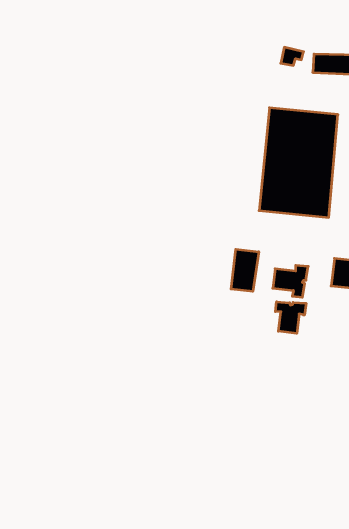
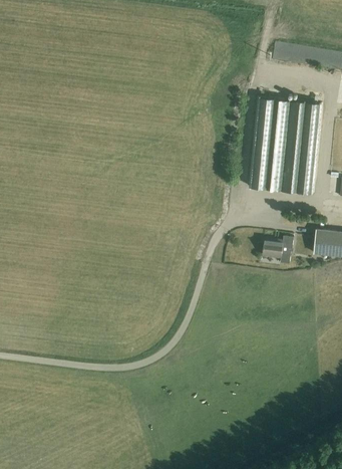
building: [231,249,259,291] -> none
building: [275,302,306,333] -> none

